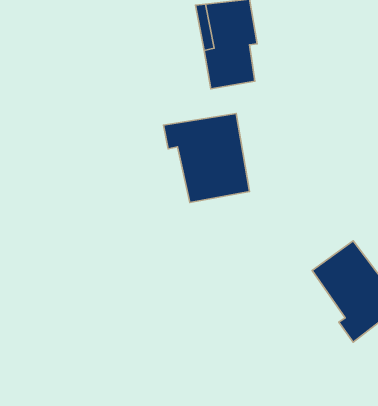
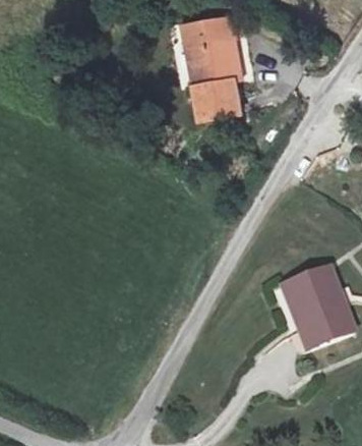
building: [163,113,250,203] -> none

